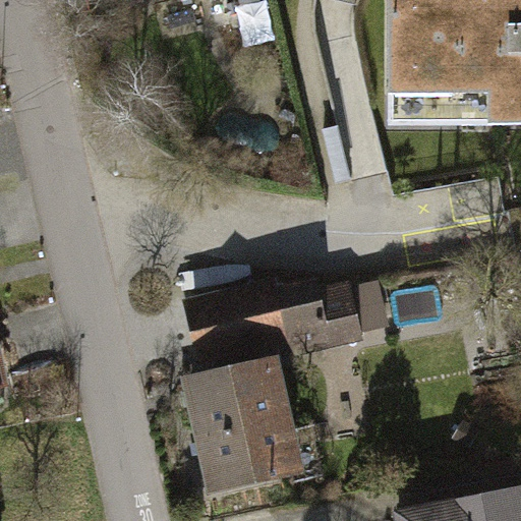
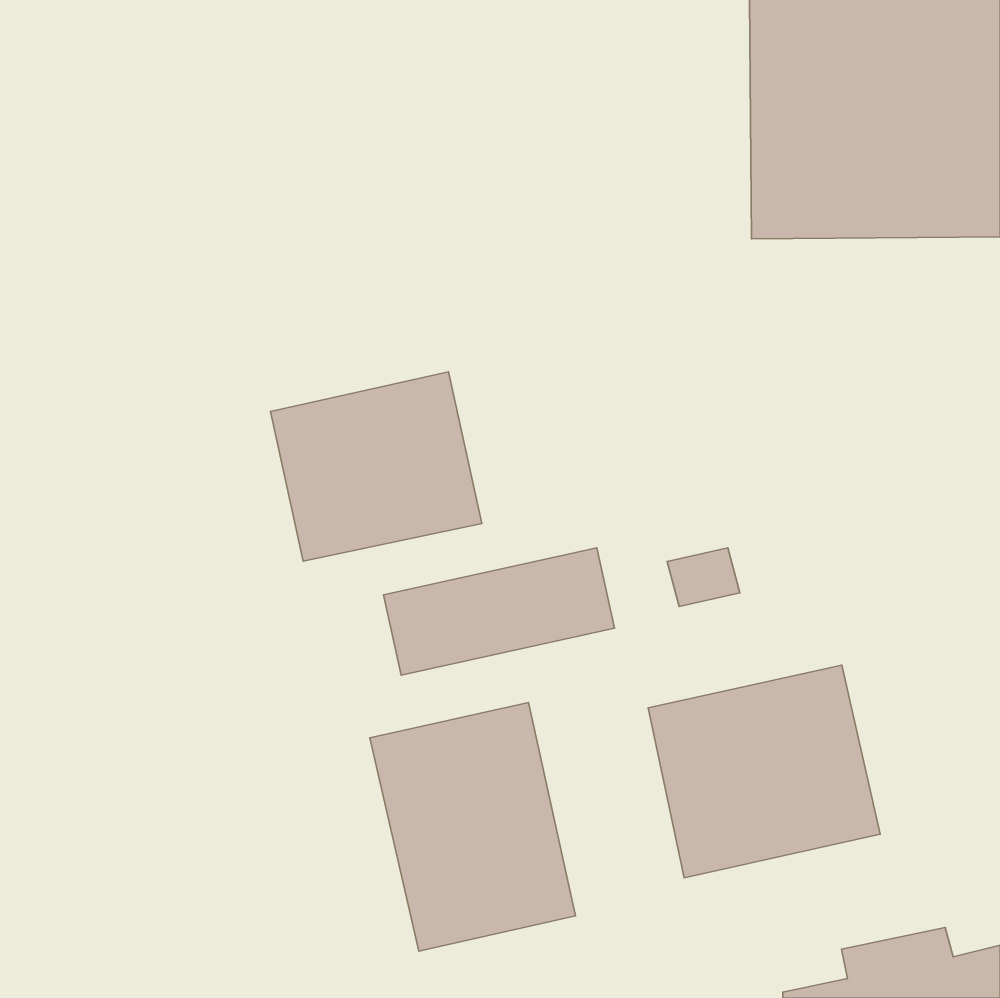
building: none -> [270,372,482,561]
building: none -> [648,665,880,878]

